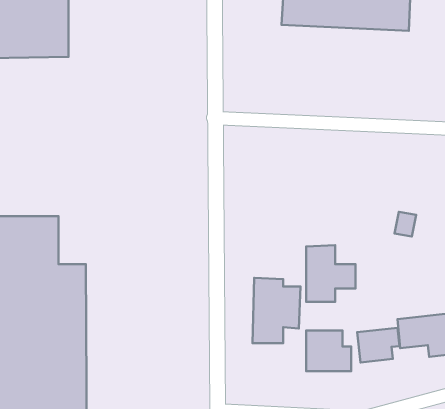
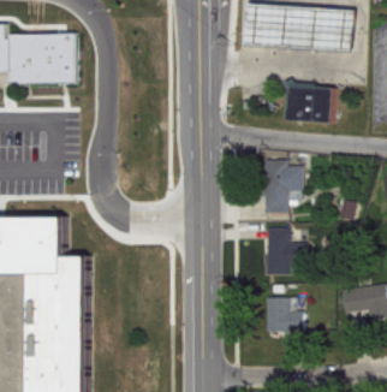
building: none -> [287,84,335,124]
building: [253,278,300,343] -> [263,160,303,214]
building: [357,328,399,362] -> none

